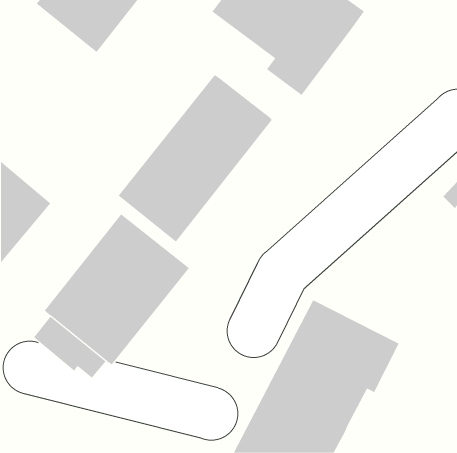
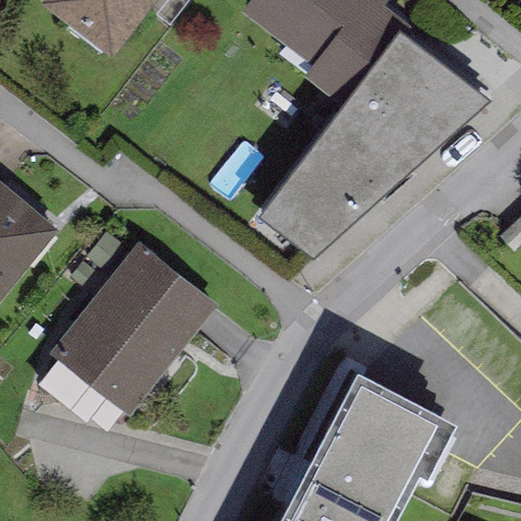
building: none -> [257,35,488,260]
building: [118,74,273,242] -> none

